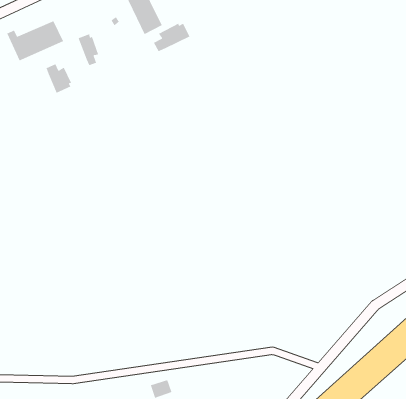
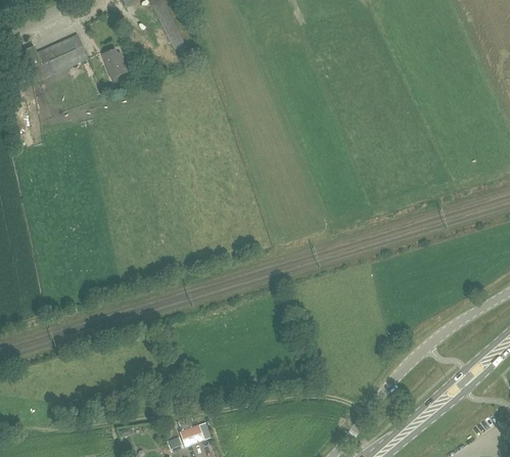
building: [153,22,190,52] -> none
building: [46,63,72,94] -> none

